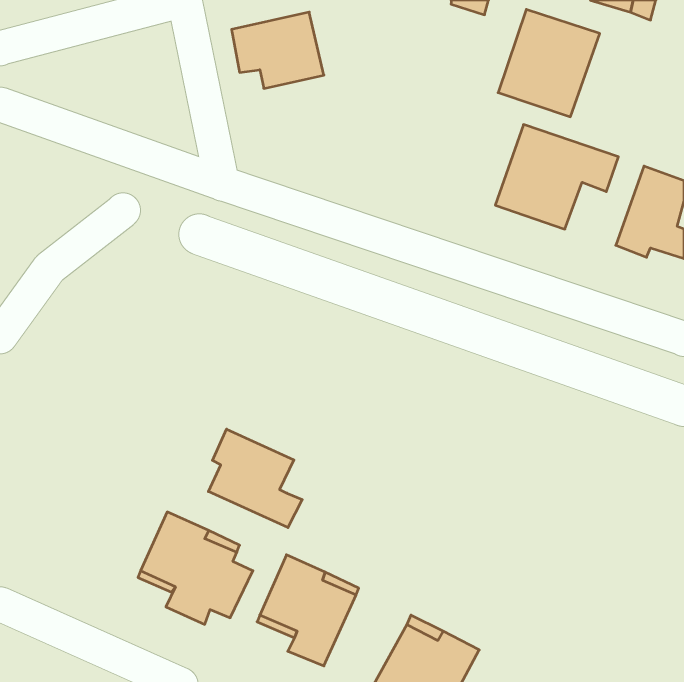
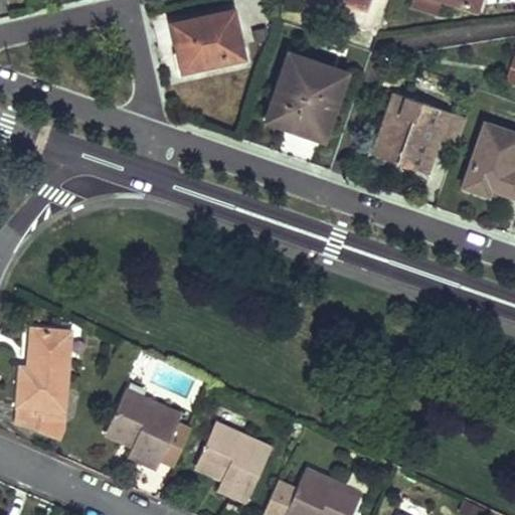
building: [498,9,600,117] -> [266,59,342,140]
building: [208,429,302,528] -> none
building: none -> [17,328,71,440]

